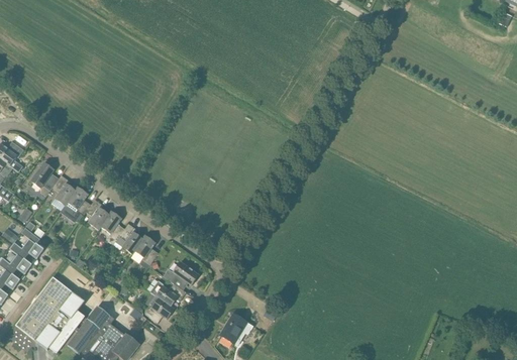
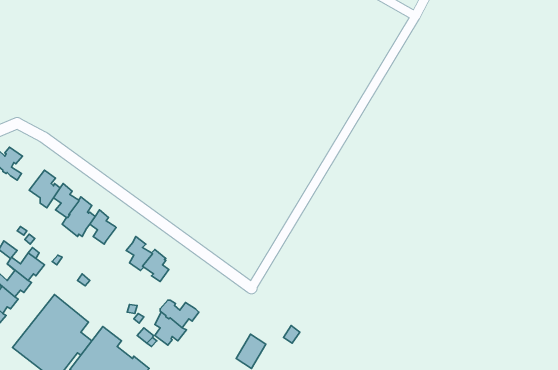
building: [101,211,125,244] -> none
building: [164,261,199,289] -> none

